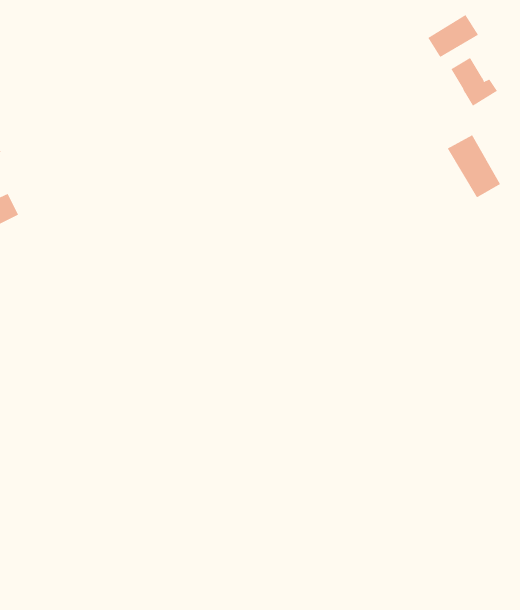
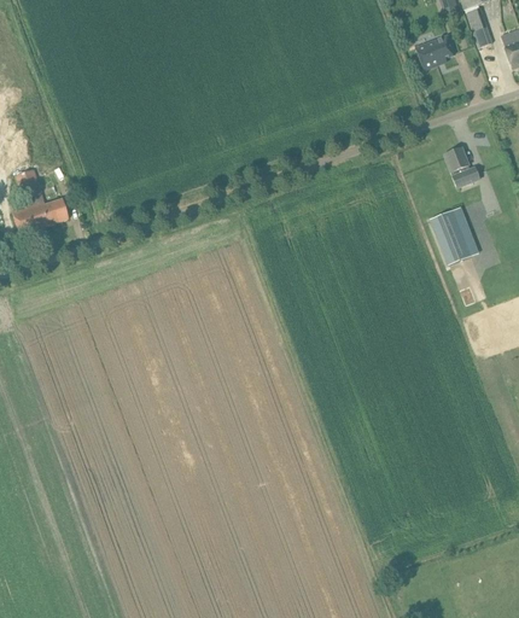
building: [428,14,479,58] -> none

